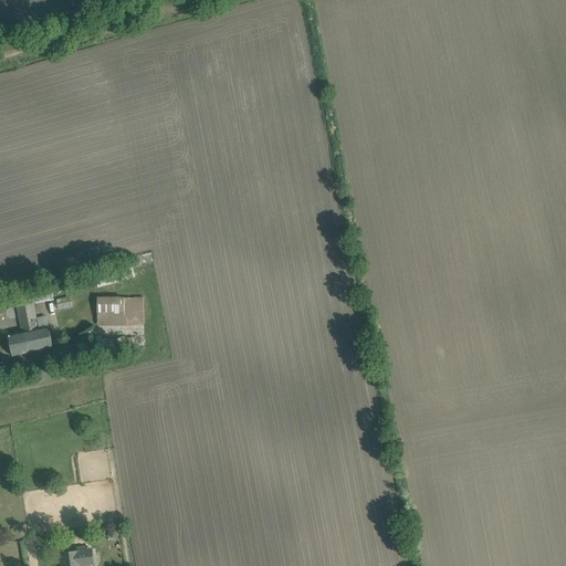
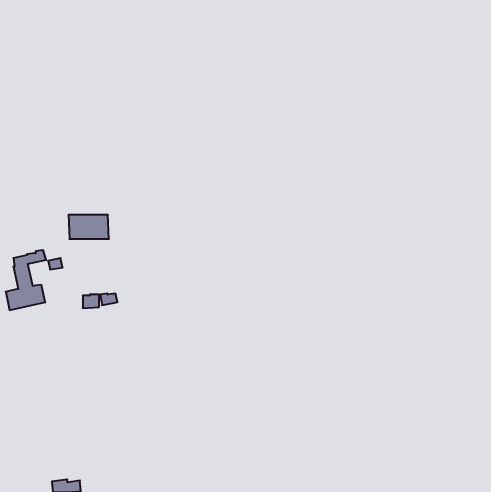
building: [97,297,144,325] -> [68,215,109,239]

